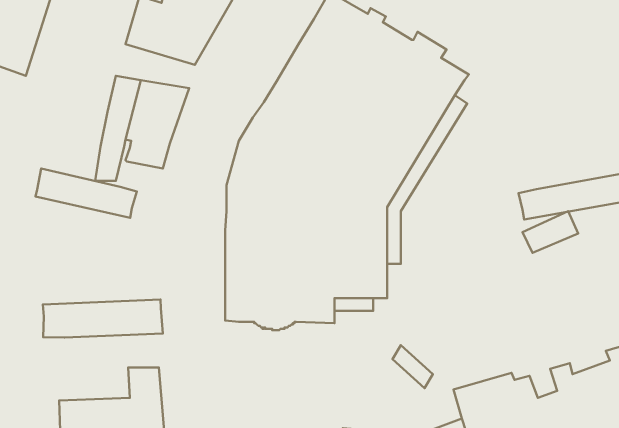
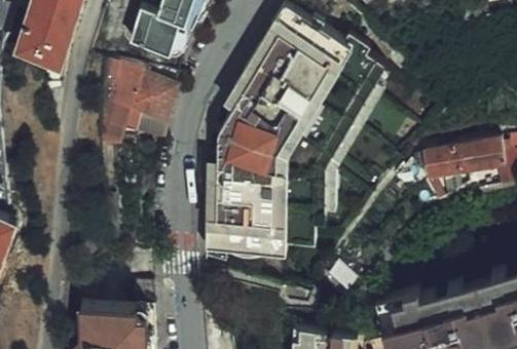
building: [36,168,137,218] -> none
building: [43,299,163,337] -> none

